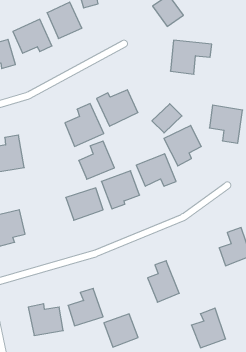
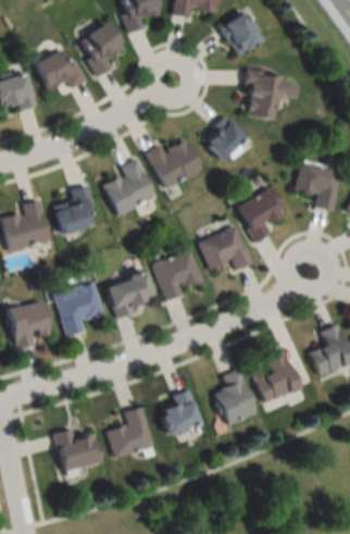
building: [152,104,182,133] -> [204,121,245,160]
building: [79,141,114,179] -> [53,185,101,236]
building: none -> [54,283,103,336]
building: [191,308,226,348] -> [252,349,298,402]
building: [104,314,138,347] -> [157,393,202,437]

